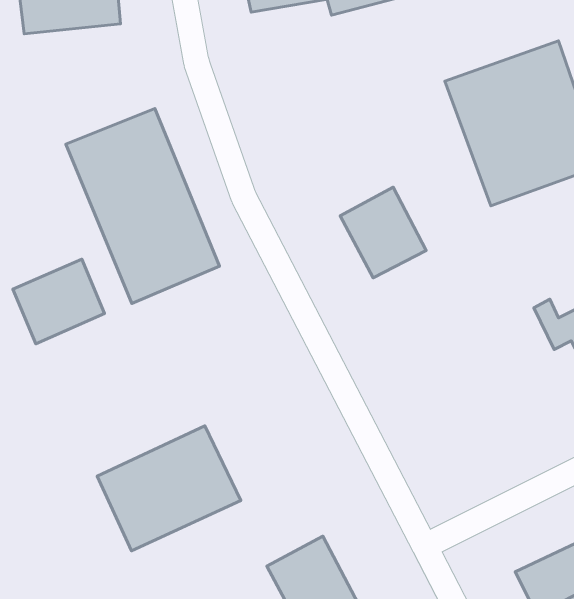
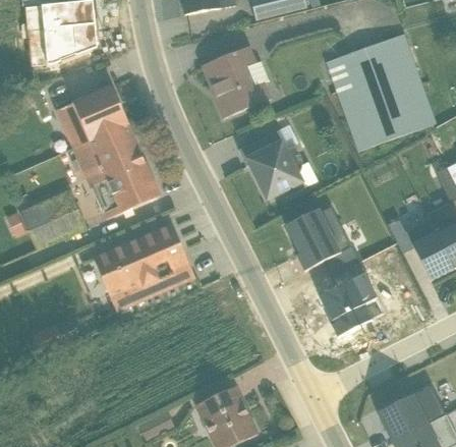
building: none -> [25,21,96,65]
building: none -> [201,47,273,120]
building: none -> [284,207,342,270]
building: none -> [318,261,376,336]
building: [97,426,241,551] -> [96,222,197,311]

